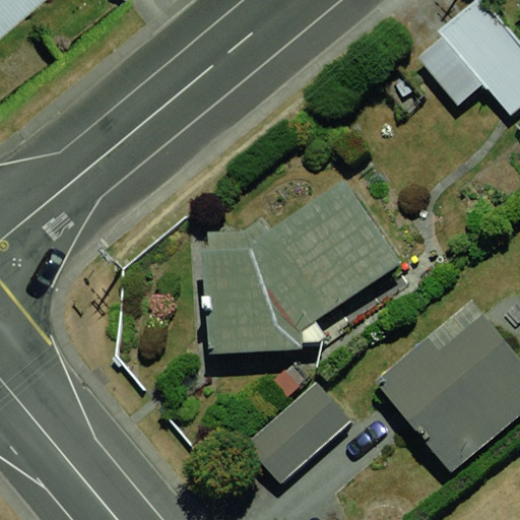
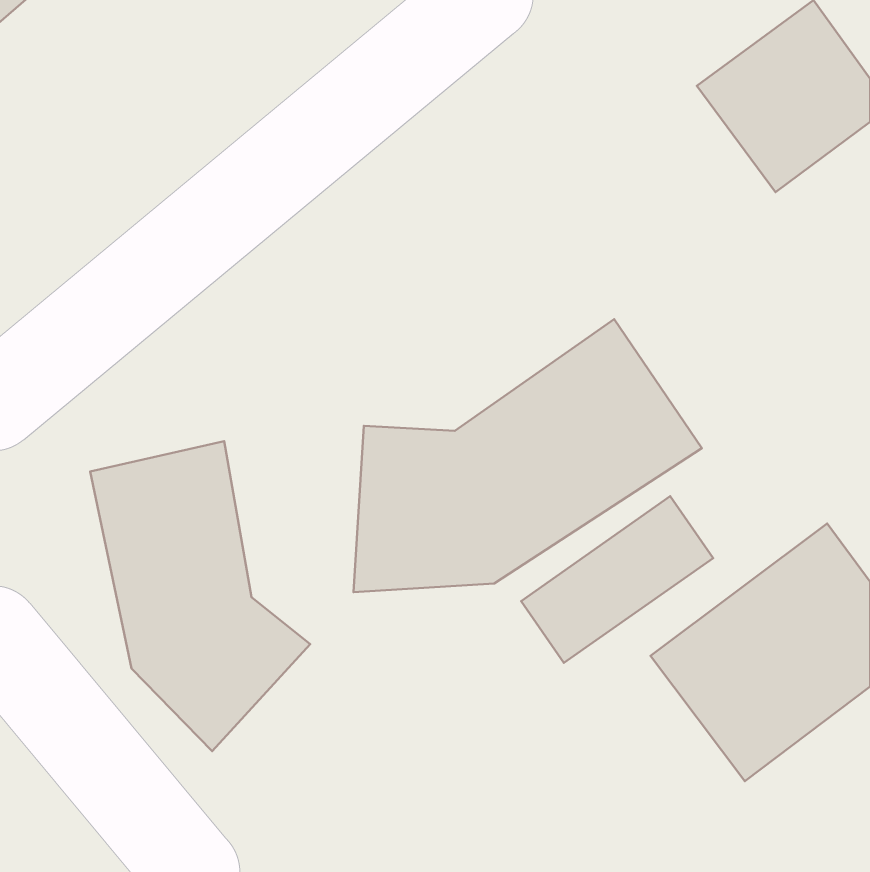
building: none -> [90,441,310,751]
building: [230,383,343,481] -> [521,496,713,663]

